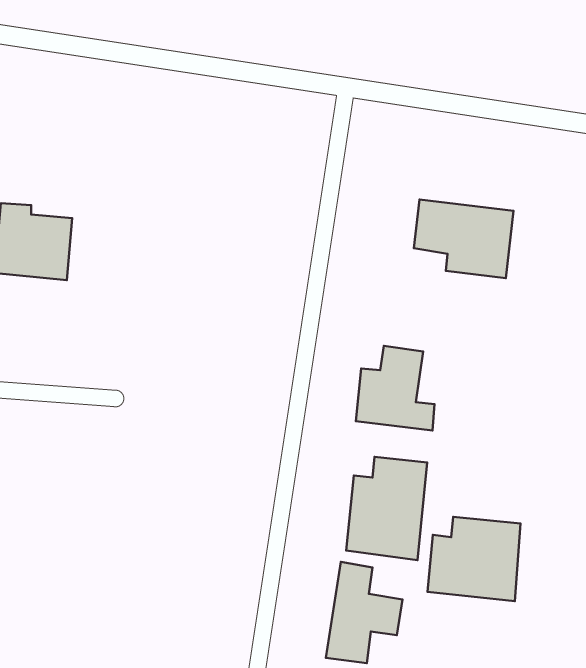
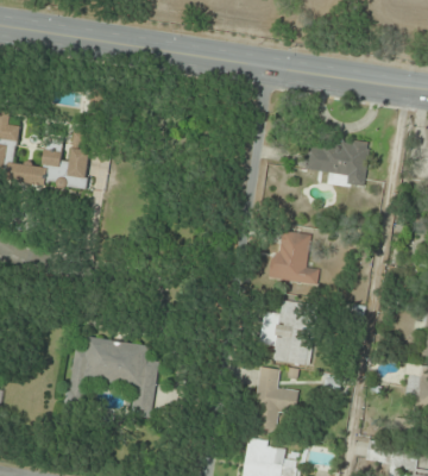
building: none -> [68,337,159,415]
building: [427,517,520,601] -> none

